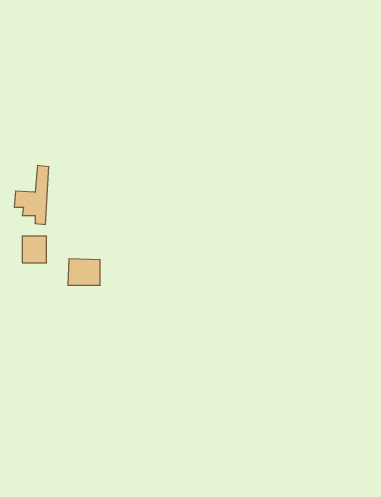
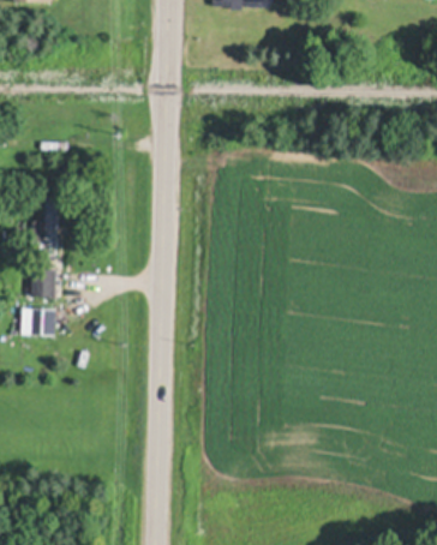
building: [68,259,100,285] -> [22,307,55,335]

